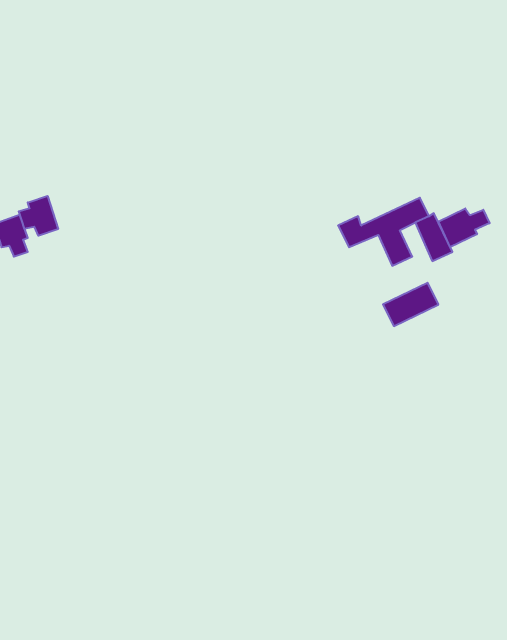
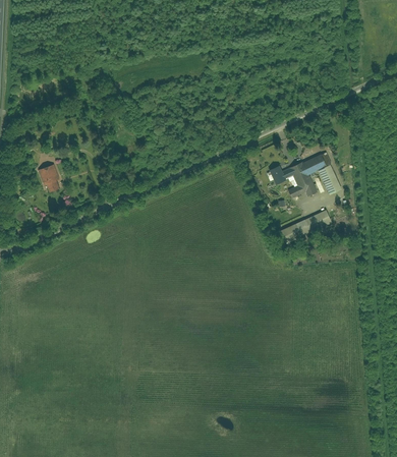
building: [19,196,58,236] -> none
building: [438,208,490,247] -> none

